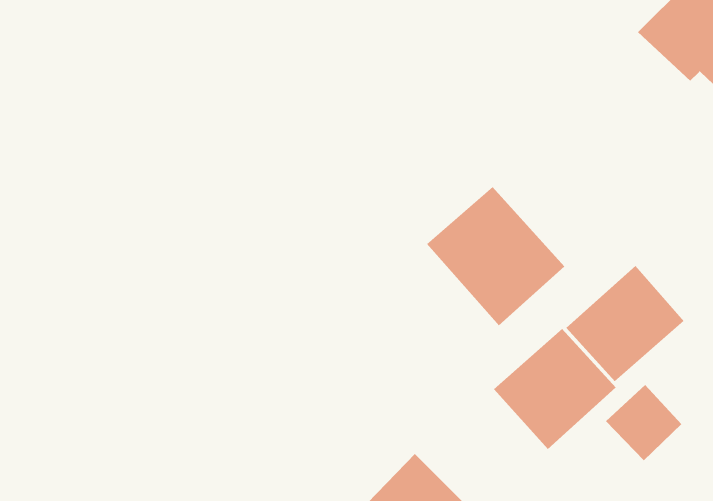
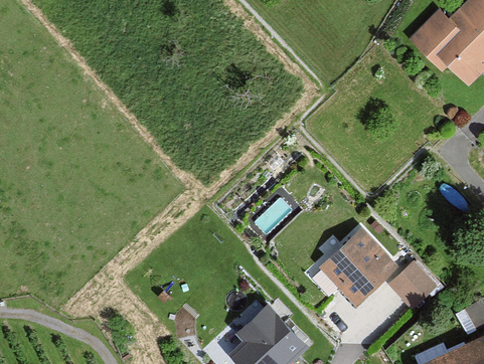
building: [426,186,565,326] -> none
building: [565,265,684,382] -> none

